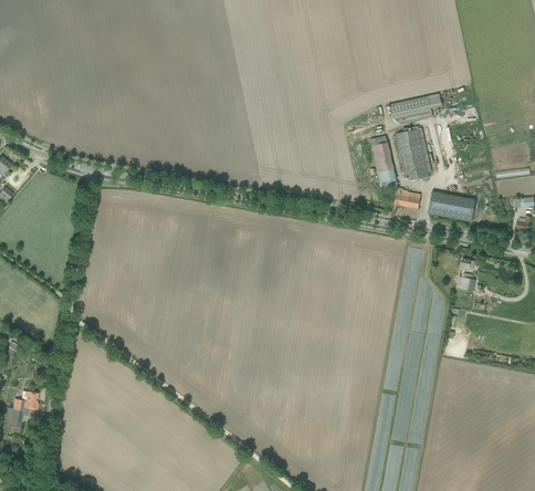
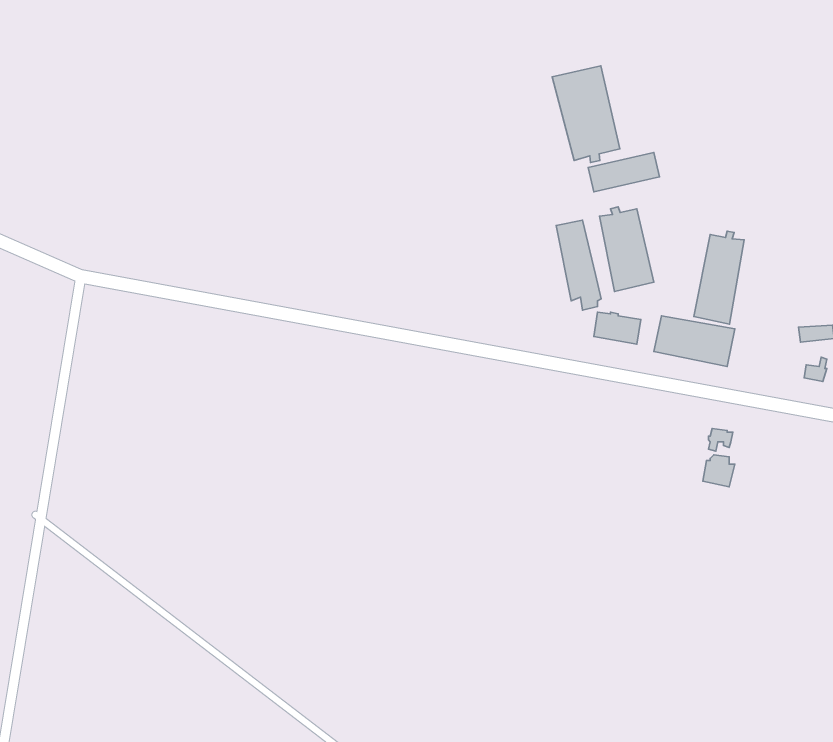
building: none -> [552,66,620,162]
building: none -> [694,231,744,324]

